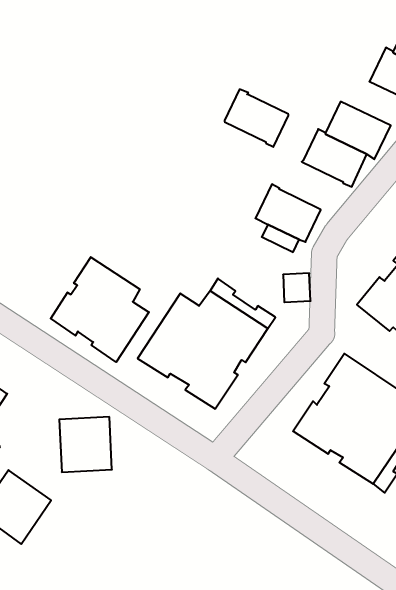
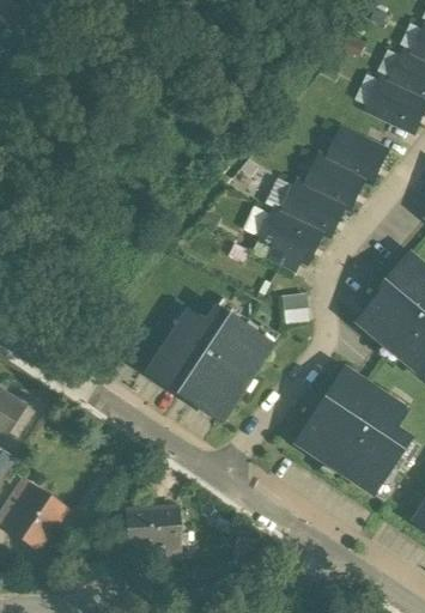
building: [225,89,288,147] -> [280,180,341,235]
building: [51,257,149,362] -> none
building: [59,417,112,472] -> [125,506,175,559]

